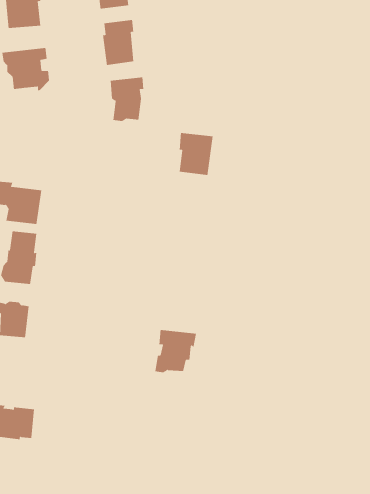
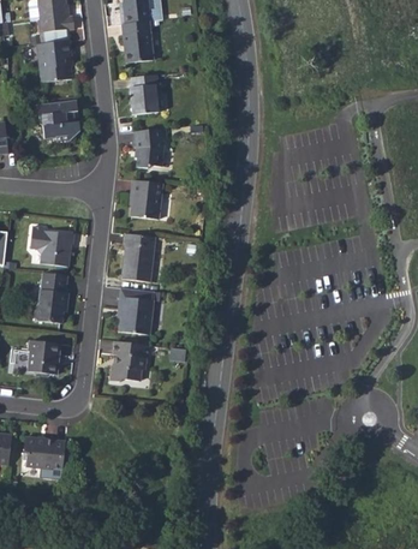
building: [179,132,213,176] -> [132,179,165,220]
building: none -> [120,233,153,281]
building: none -> [118,287,155,334]
building: [155,330,197,373] -> [109,341,149,382]

